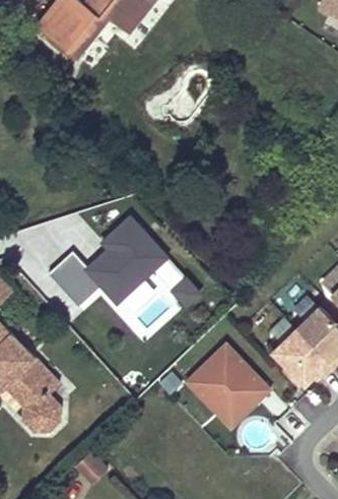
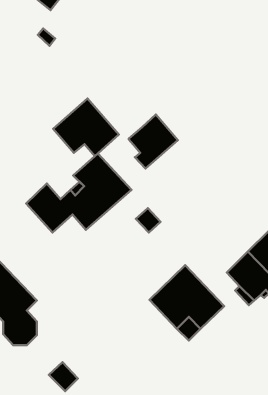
building: none -> [53,98,119,156]
building: none -> [129,115,178,169]

